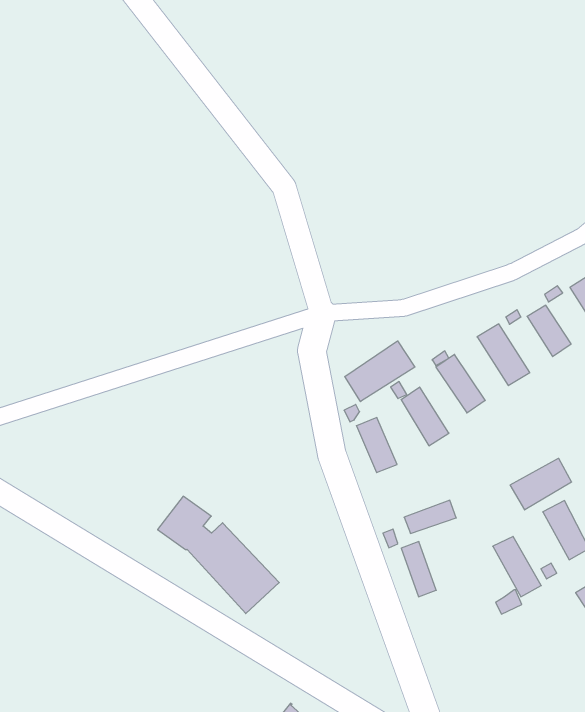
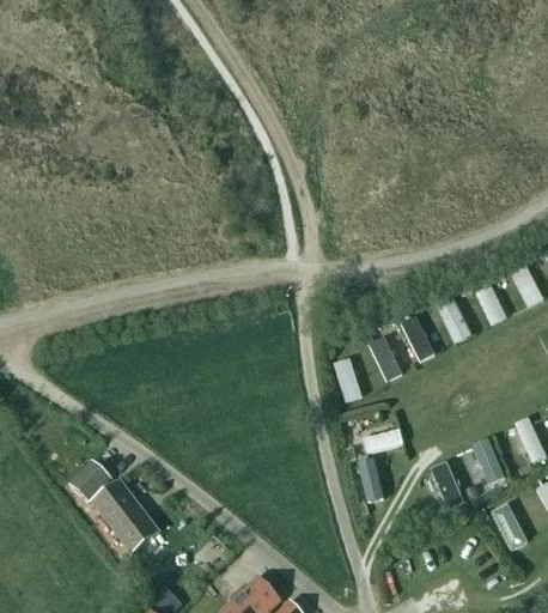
building: [345,341,415,402] -> none
building: [510,458,572,510] -> none
building: [158,496,279,614] -> [69,460,160,557]

